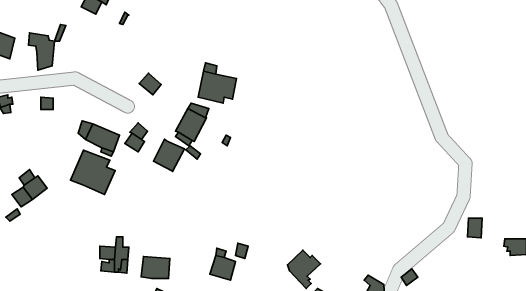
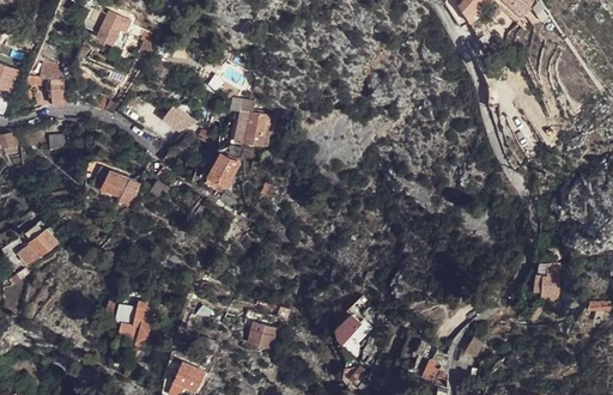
building: [153,139,184,172] -> none
building: [70,150,115,195] -> none
building: [141,256,170,278] -> none

